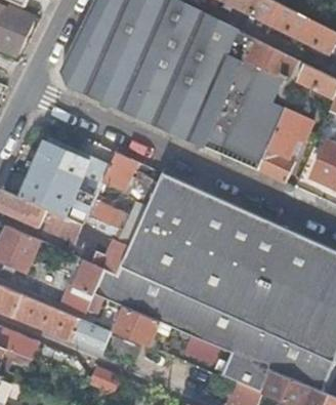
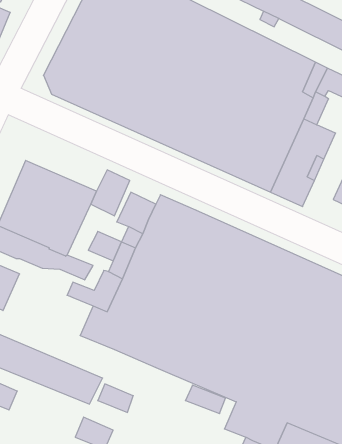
building: [58,261,103,316] -> none
building: [112,308,158,348] -> none

